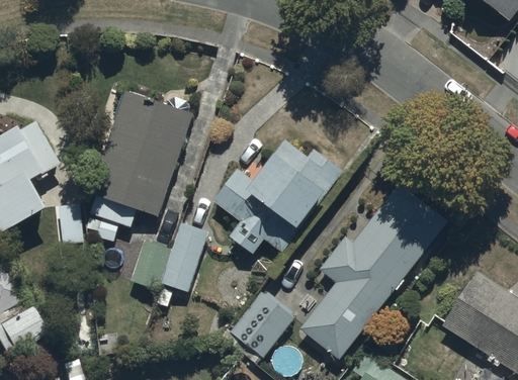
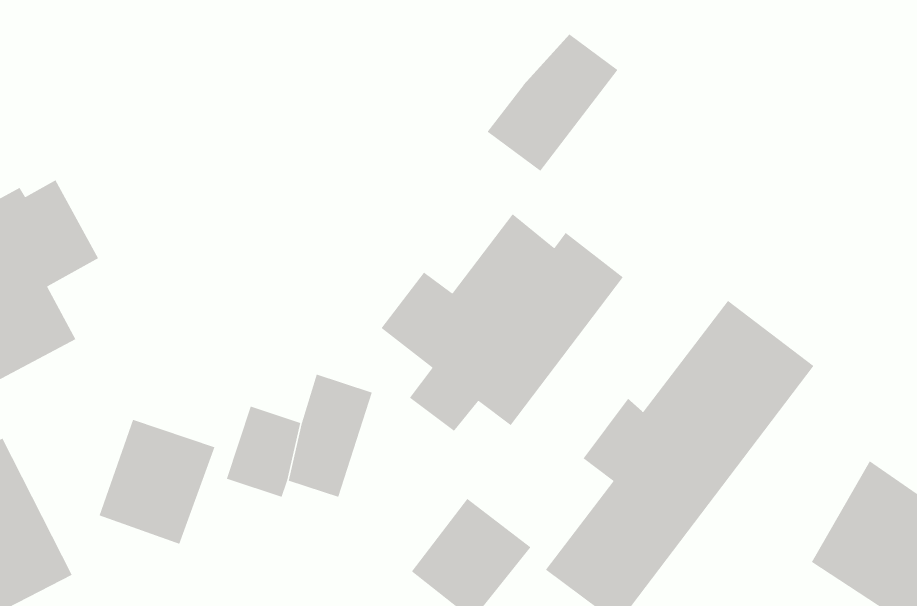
building: none -> [486,33,618,172]
building: [87,88,194,244] -> none
building: none -> [99,419,215,545]

